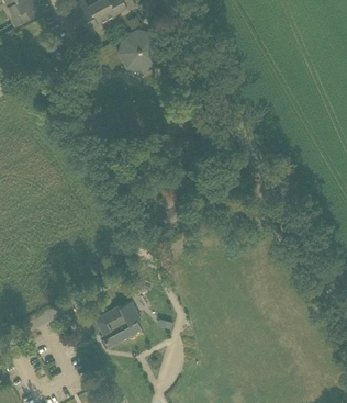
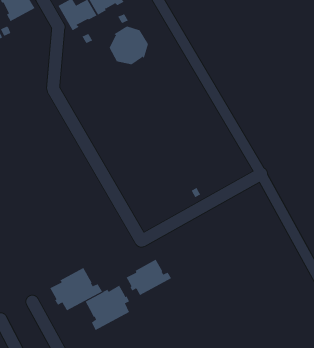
building: none -> [126,259,172,296]
building: none -> [50,267,103,311]

